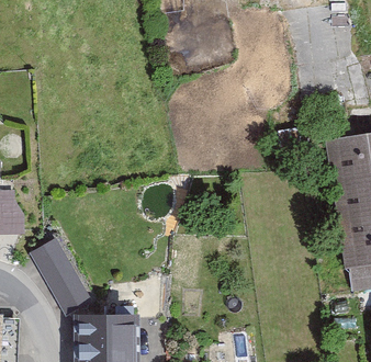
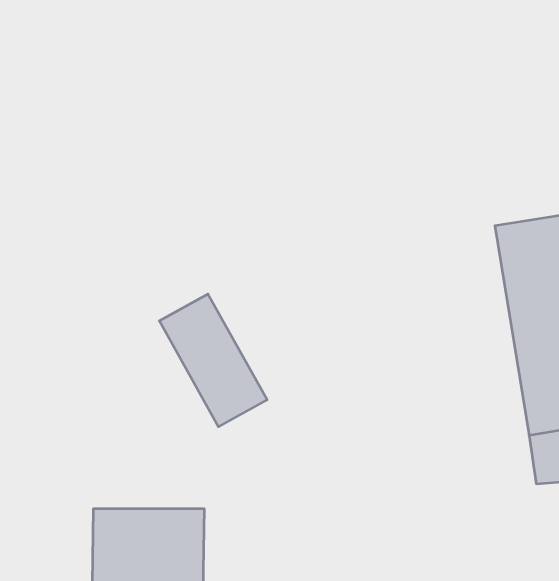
building: [27,237,93,318] -> [159,294,267,427]

